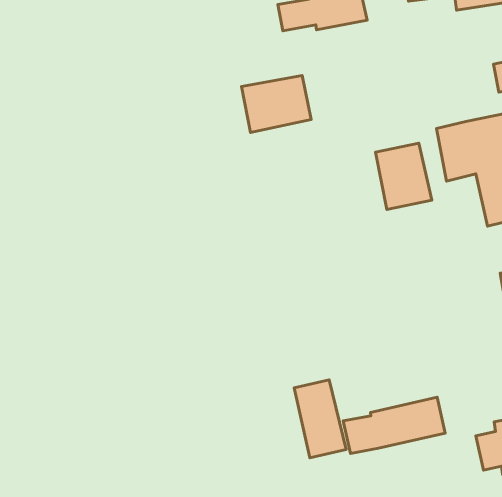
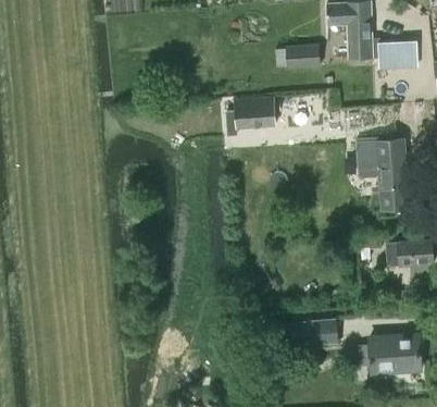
building: [376,143,432,209] -> none
building: [294,380,346,458] -> none

